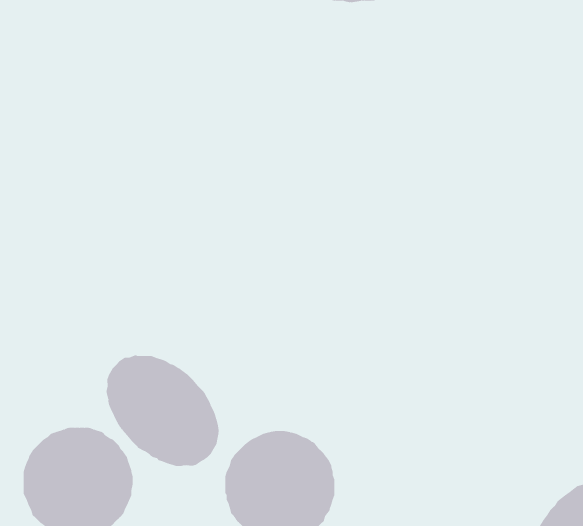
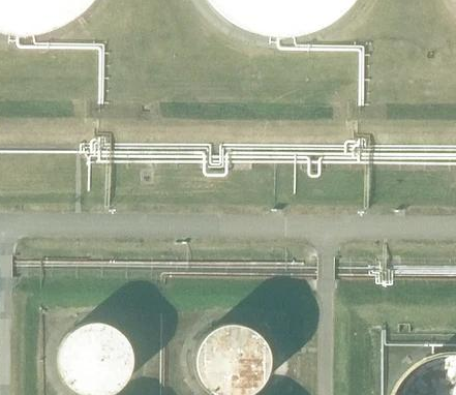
building: [106,355,219,467] -> none

